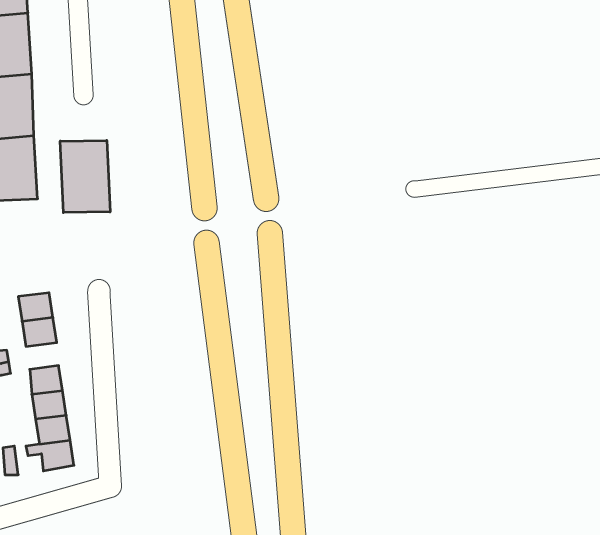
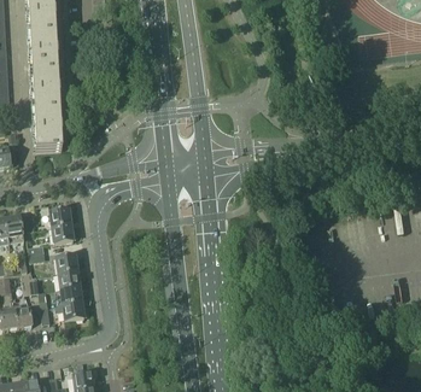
building: [60,140,110,213] -> none

